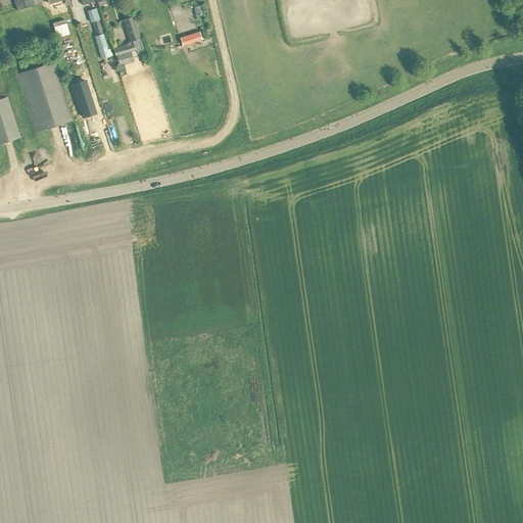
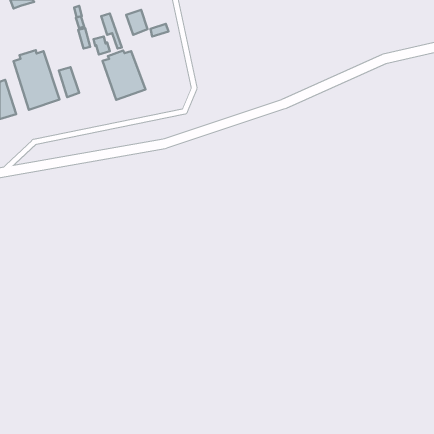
building: none -> [126,10,148,35]
building: none -> [102,51,145,100]

